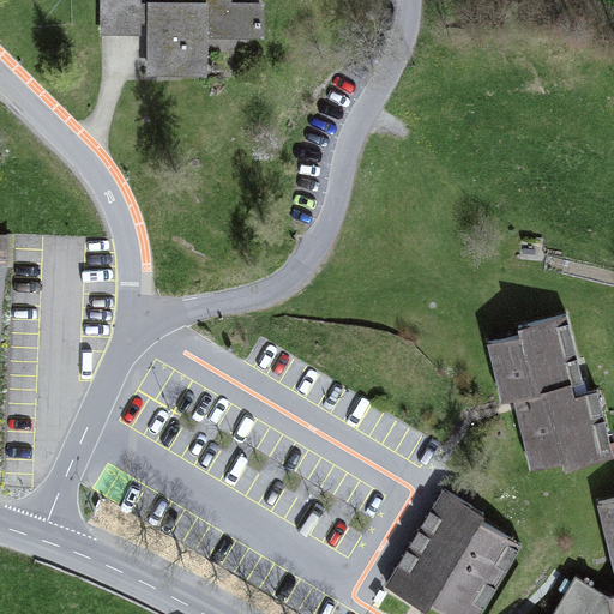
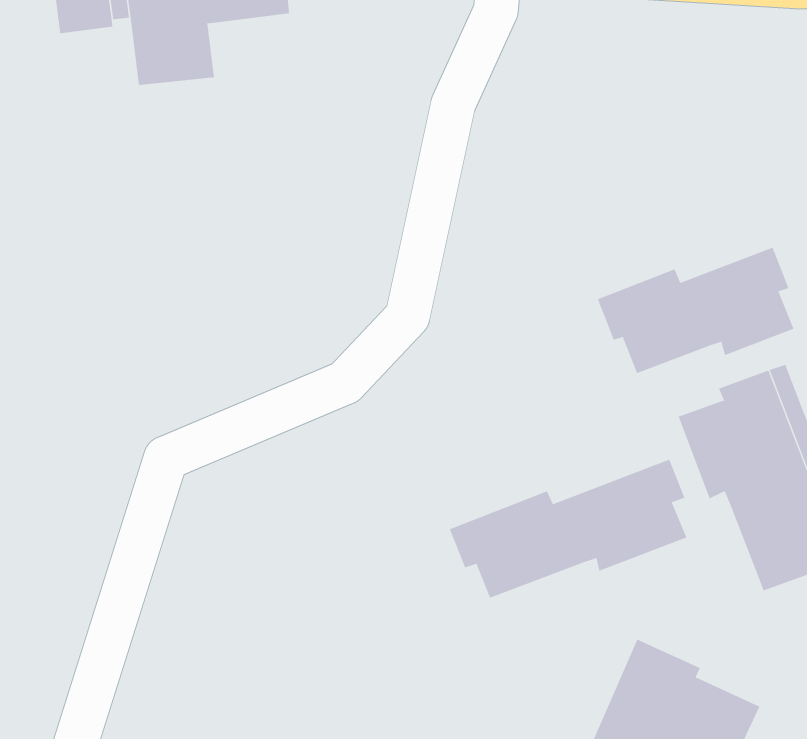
building: none -> [597,247,794,374]
building: none -> [449,459,687,599]

